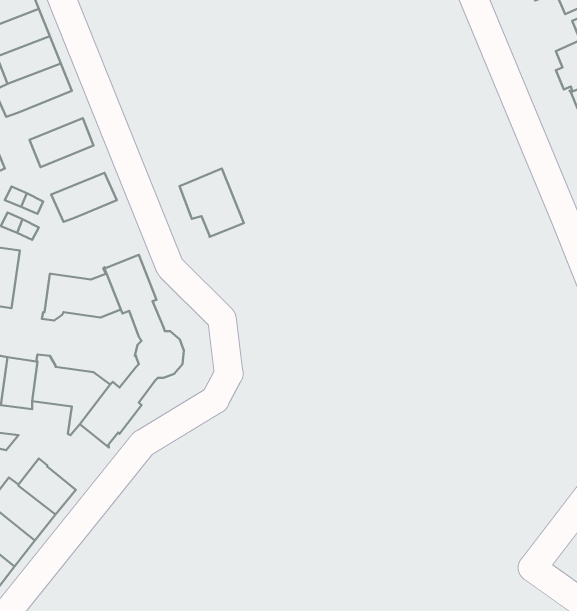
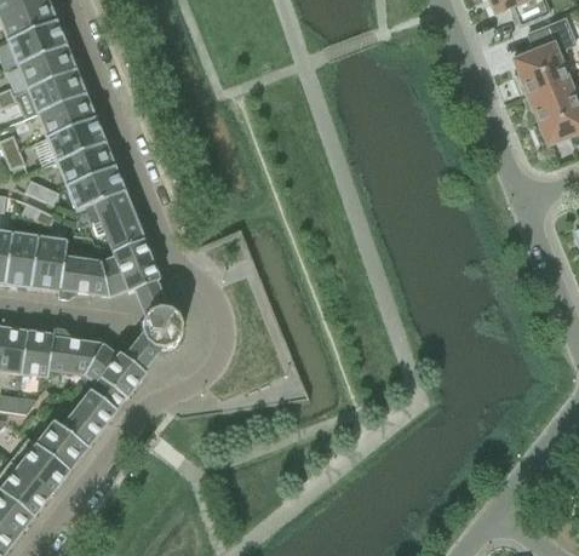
building: none -> [38,93,94,137]
building: none -> [57,142,114,185]
building: [180,168,244,237] -> [87,190,144,251]
building: none -> [31,235,68,290]
building: none -> [63,389,117,447]

